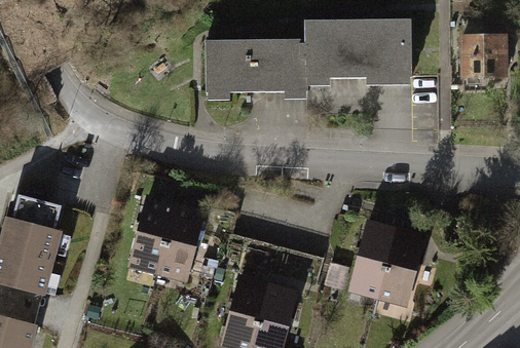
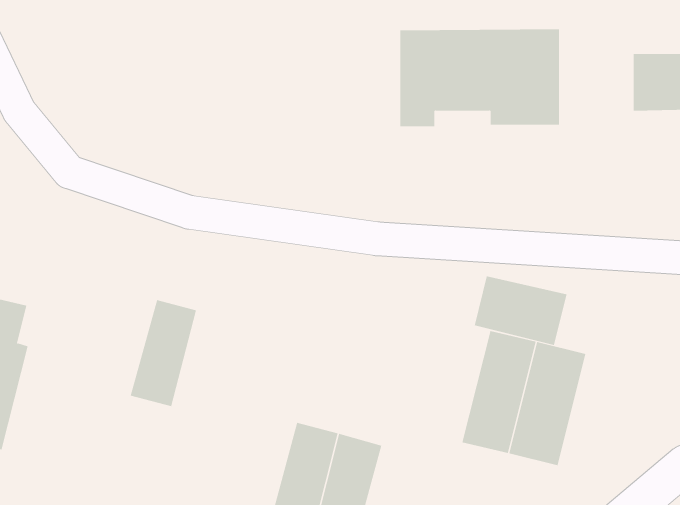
building: [208,40,306,102] -> none
building: none -> [474,276,567,346]
building: [156,207,202,279] -> none

